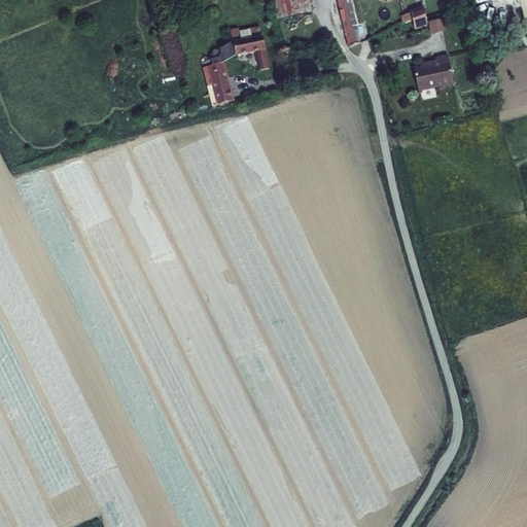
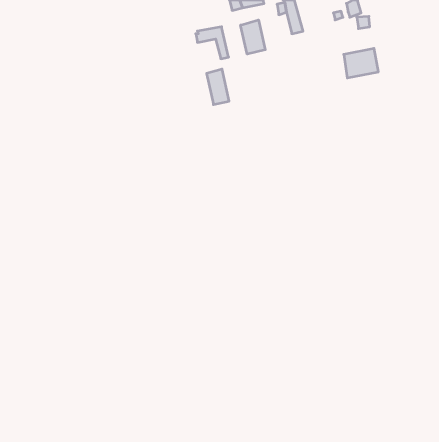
building: none -> [241,20,265,54]
building: [205,58,232,100] -> [207,69,229,105]

